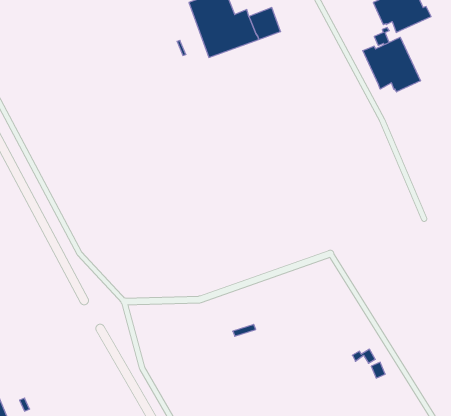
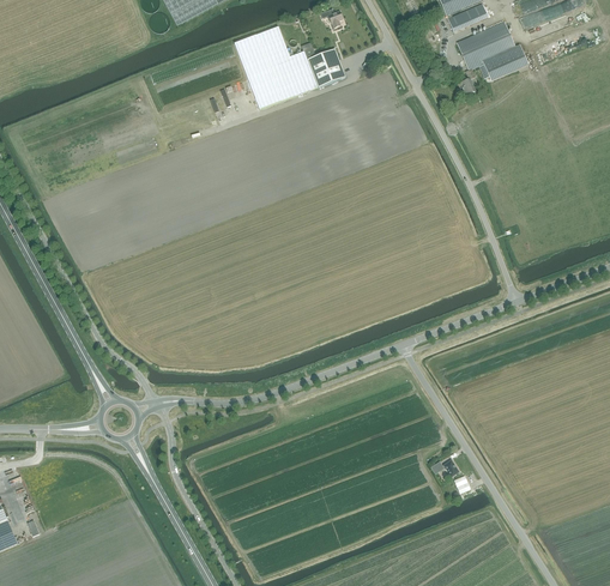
building: [363,37,420,92] -> none

